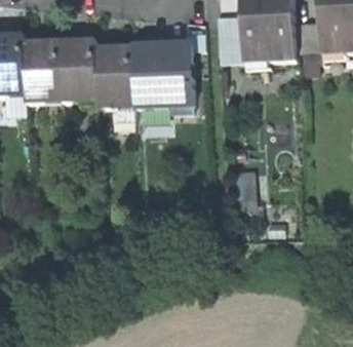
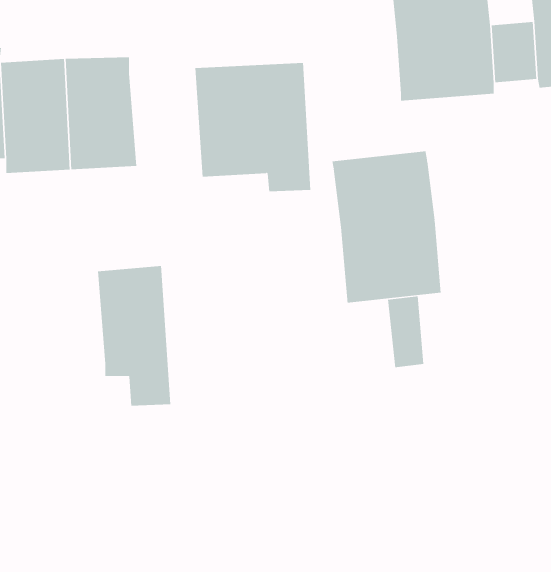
building: [218,27,245,61] -> none
building: [95,44,136,122] -> [97,266,171,406]
building: none -> [332,151,441,304]

